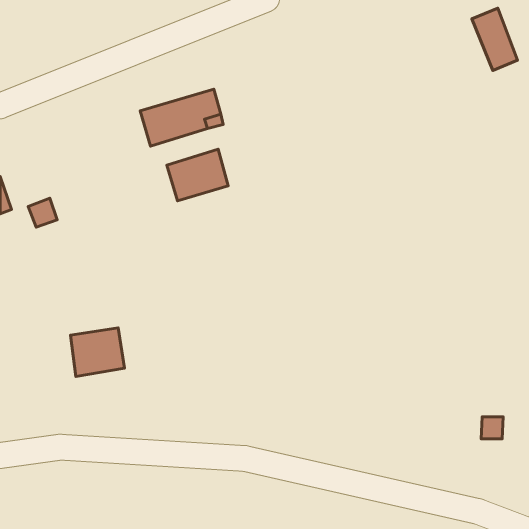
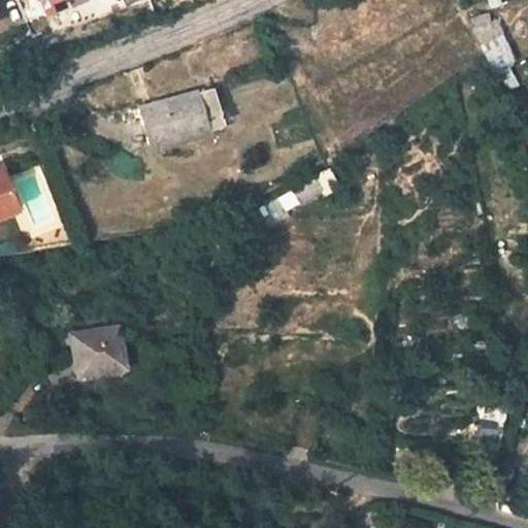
building: [167,149,228,201] -> none

